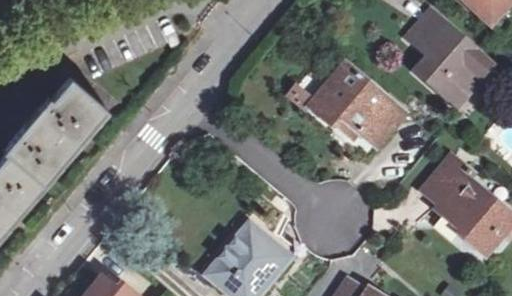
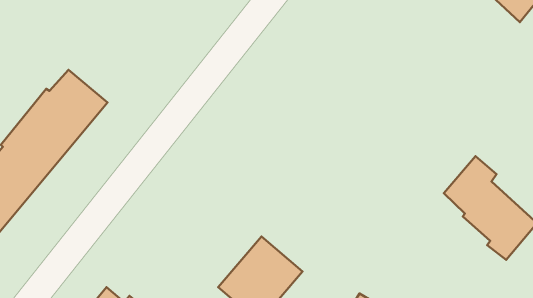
building: [407,9,493,106] -> none
building: [311,64,402,144] -> none

